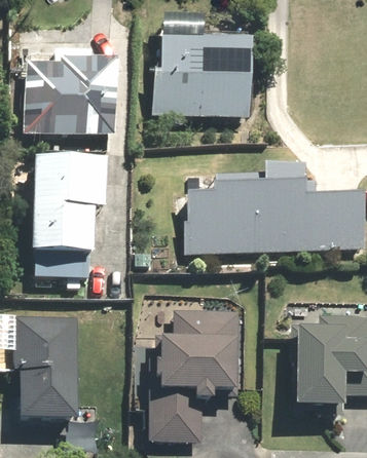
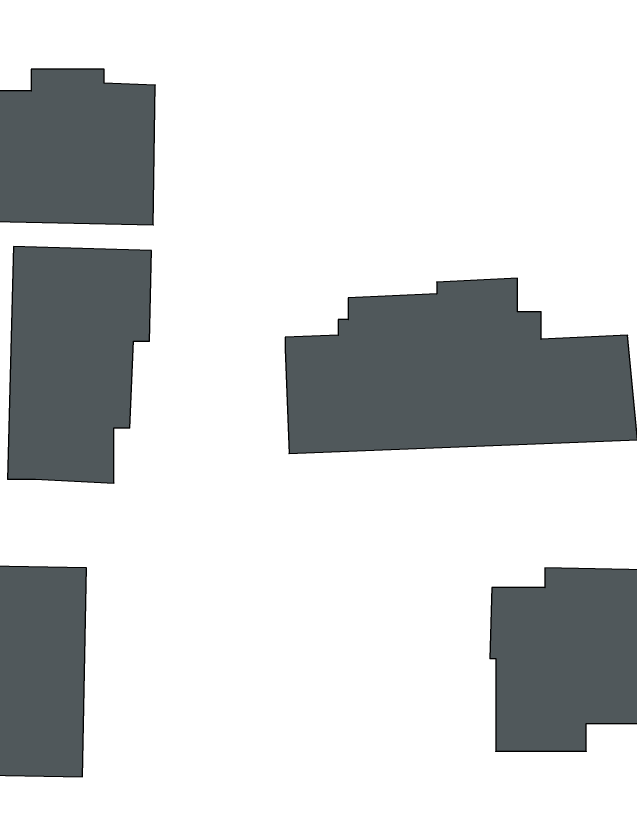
building: [148,42,246,120] -> none
building: [146,309,237,444] -> none

